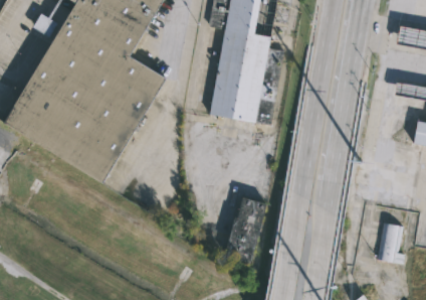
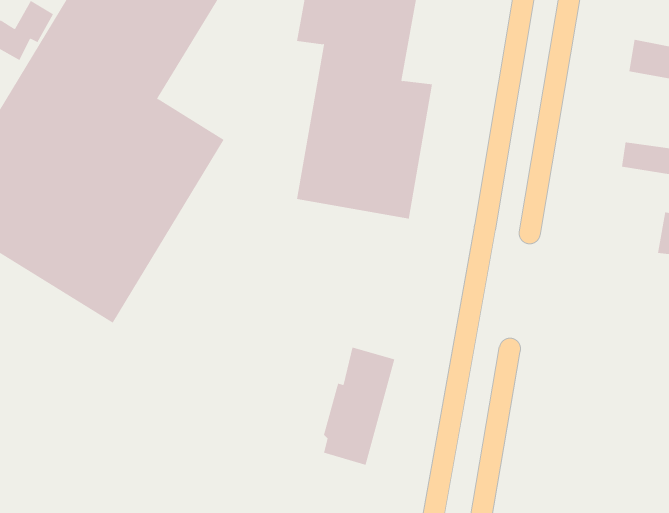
building: [376,222,404,265] -> none

